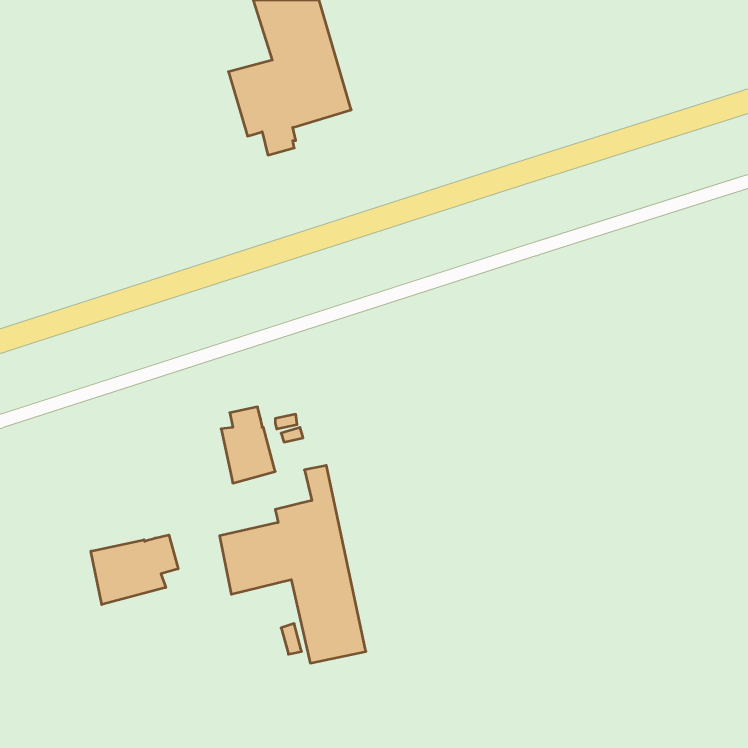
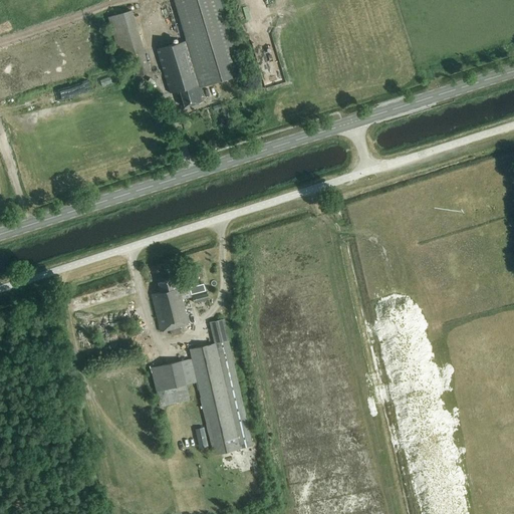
building: none -> [107,11,150,75]
building: [91,535,178,605] -> none

